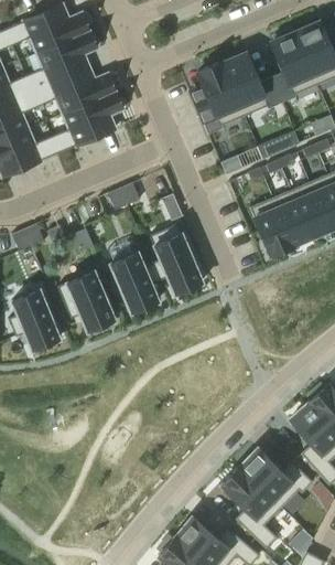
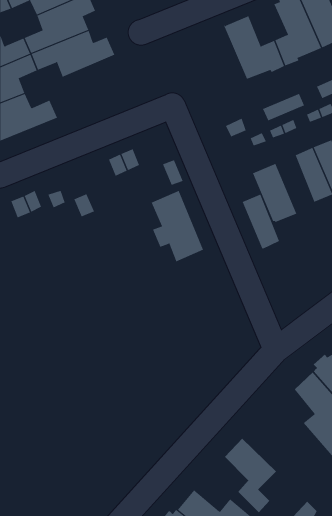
building: [191,62,245,135] -> none
building: [52,92,123,153] -> none
building: [273,190,311,247] -> [242,194,280,253]
building: [111,253,160,312] -> none
building: [58,271,116,334] -> none
building: [9,289,61,350] -> none
building: [240,448,313,500] -> none

